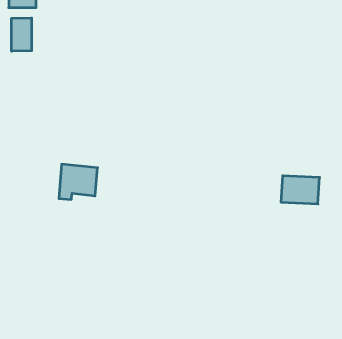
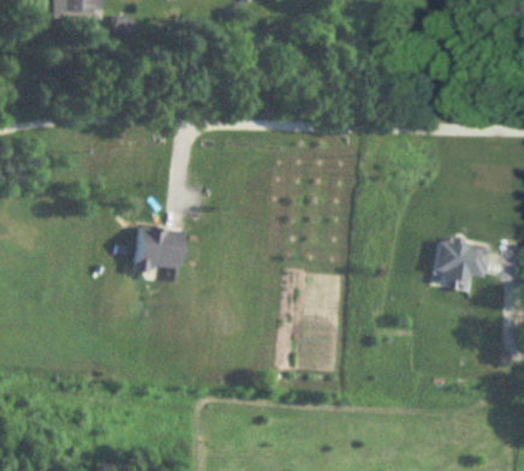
building: [12,18,32,51] -> none

